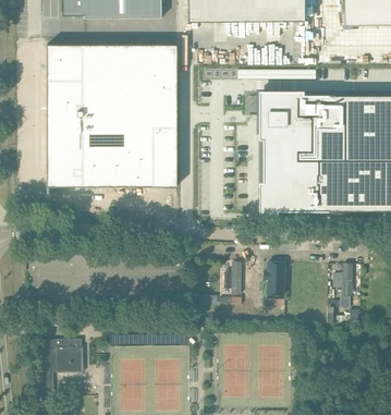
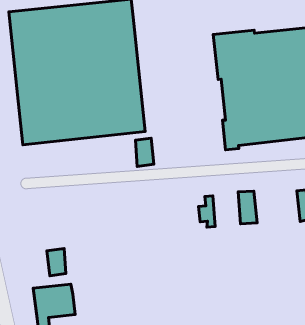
building: none -> [135,138,154,167]
building: none -> [47,248,66,276]

